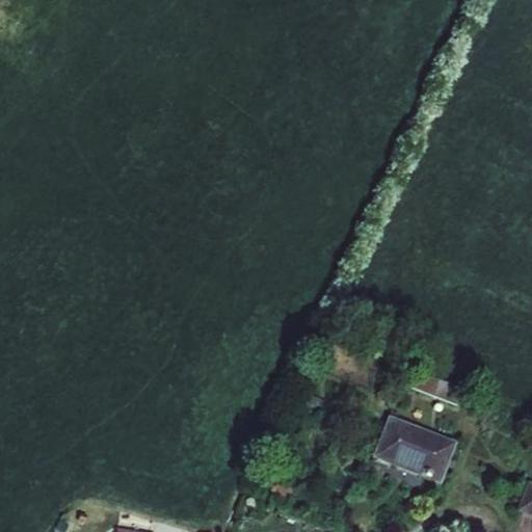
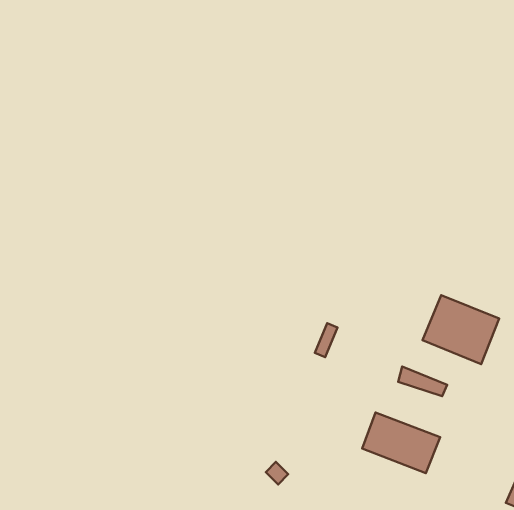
building: none -> [422,295,499,364]

